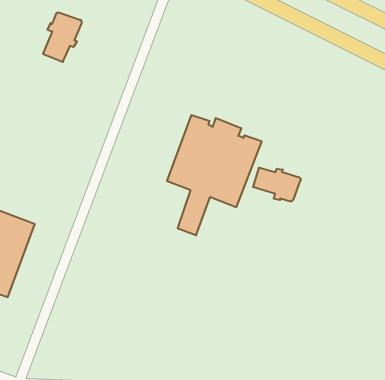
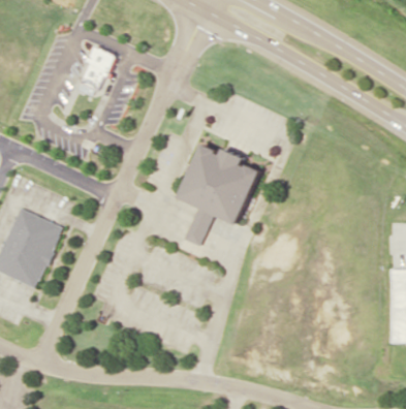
building: [253,168,301,201] -> none

